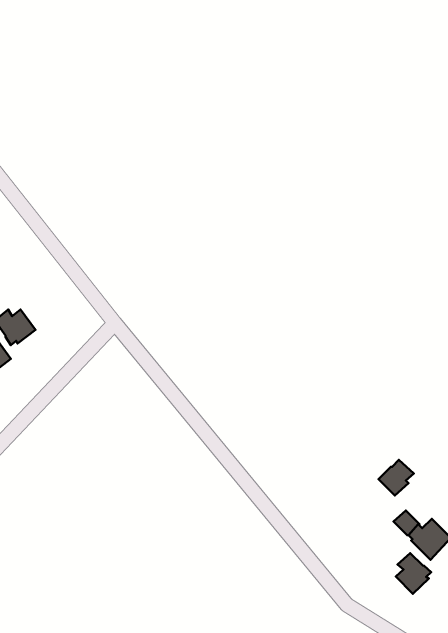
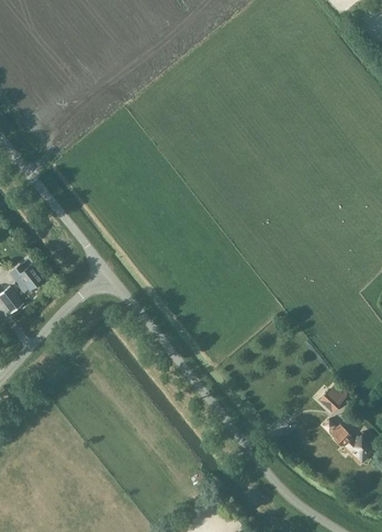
building: [396,553,431,594] -> none

